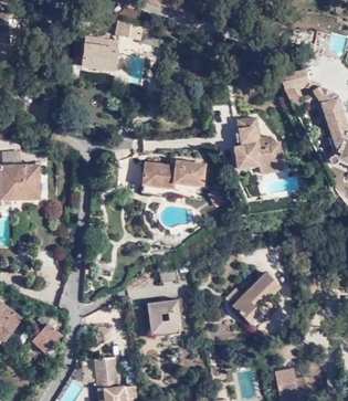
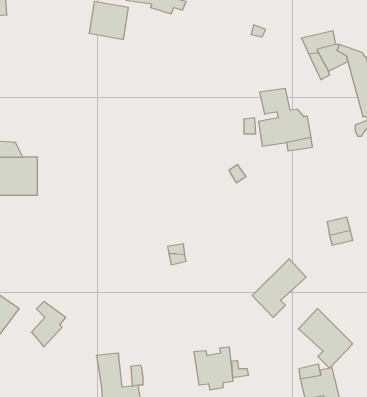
building: [143,160,205,188] -> none
building: [143,293,178,331] -> [194,347,233,390]
building: none -> [298,309,353,368]

